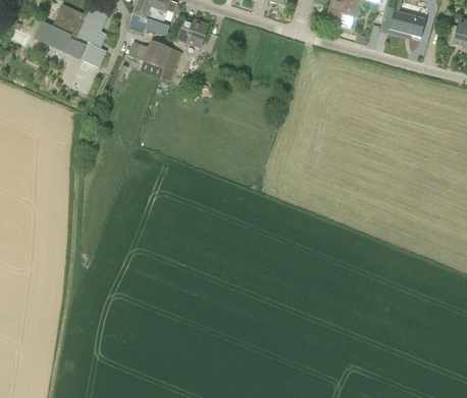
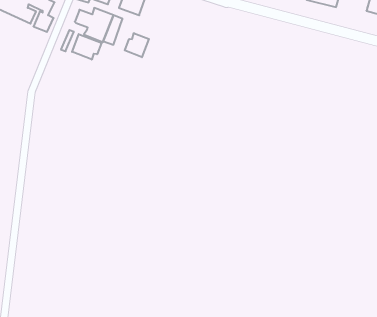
building: none -> [125,33,149,57]
building: none -> [72,34,101,60]

